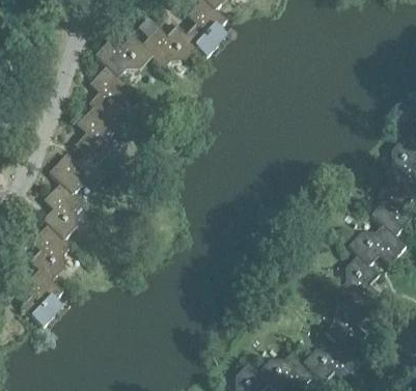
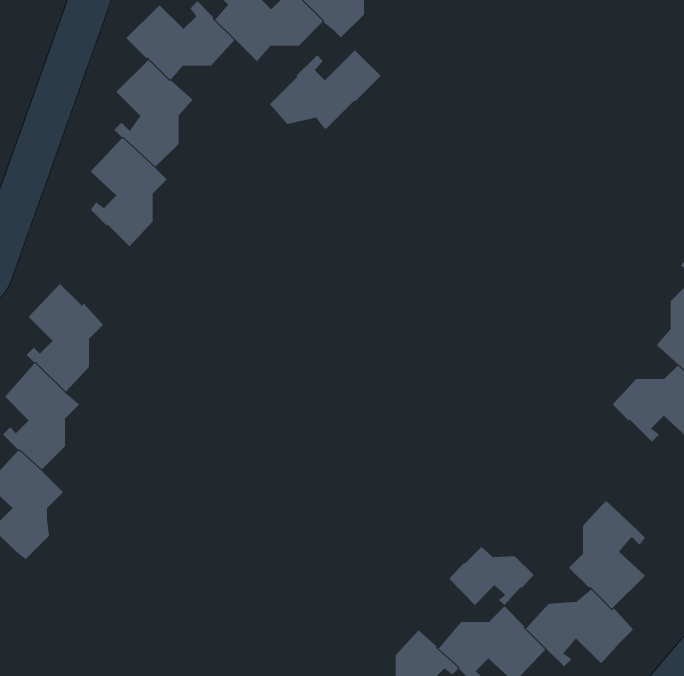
building: none -> [269,50,381,129]
building: [50,151,108,193] -> none
building: [338,253,380,310] -> none
building: none -> [449,546,534,606]

